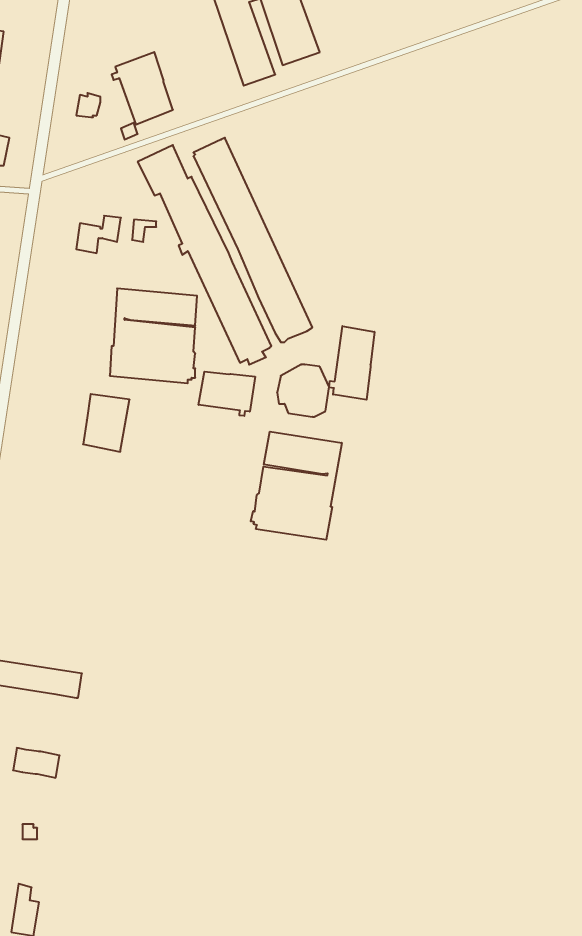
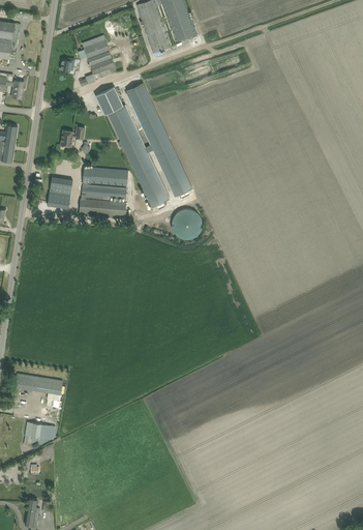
building: [329,326,374,400] -> none
building: [199,372,255,416] -> none
building: [83,394,130,452] -> [47,177,72,209]
building: [251,432,342,540] -> none

